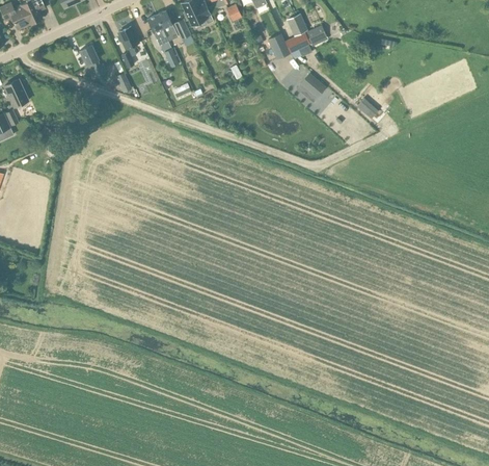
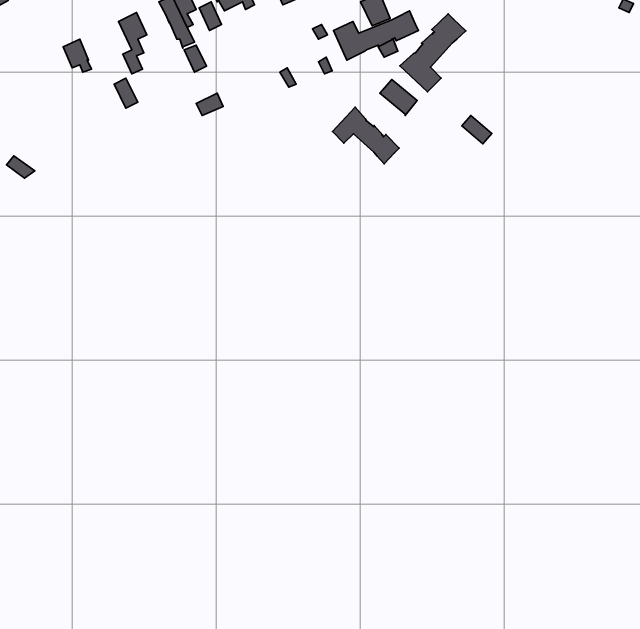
building: none -> [400,14,466,92]
building: none -> [332,107,399,164]

